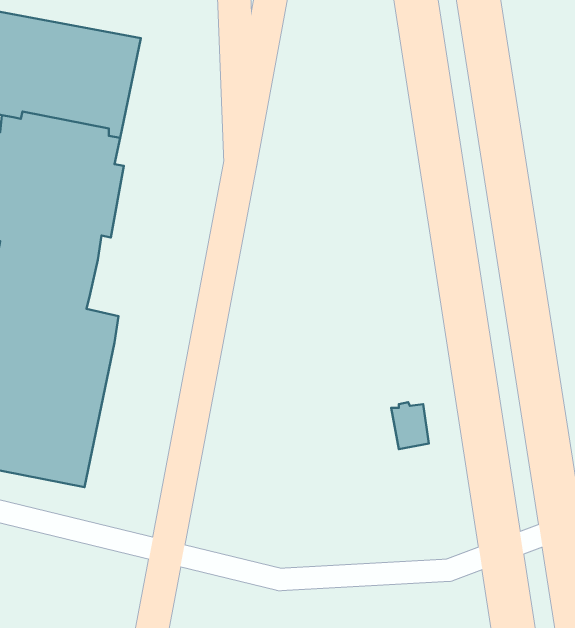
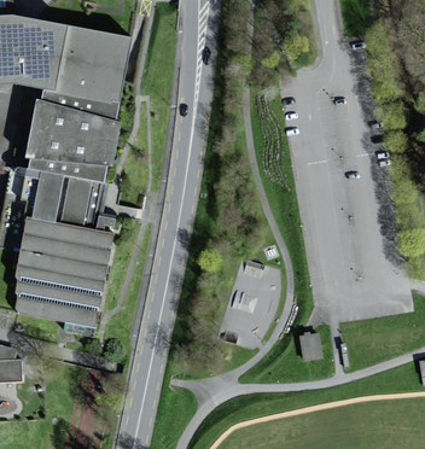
building: [391,402,429,449] -> [299,331,324,361]

